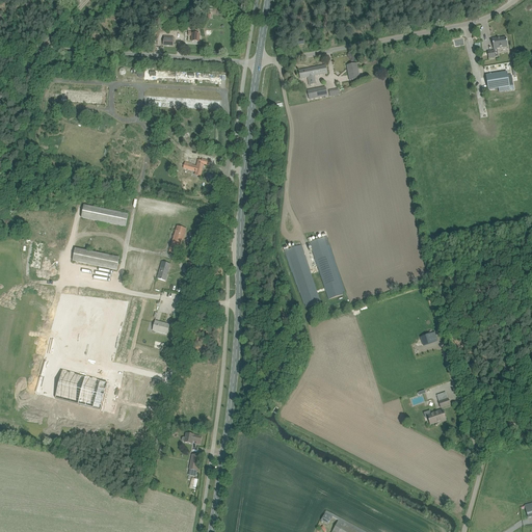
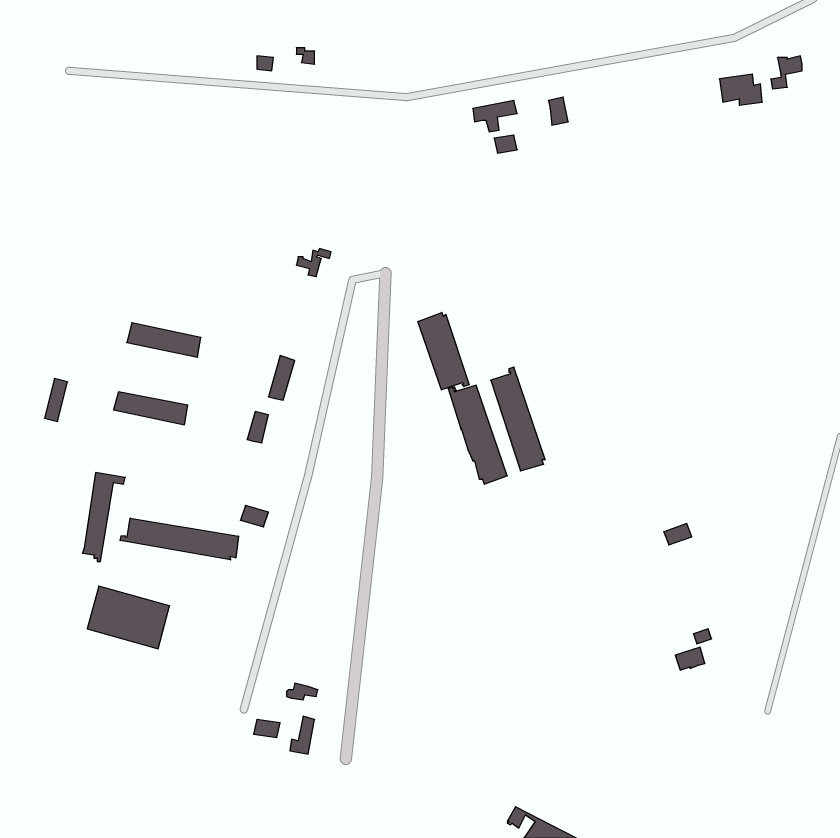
building: [485,71,512,90] -> [719,74,762,105]
building: none -> [418,312,469,390]
building: none -> [120,518,238,560]

